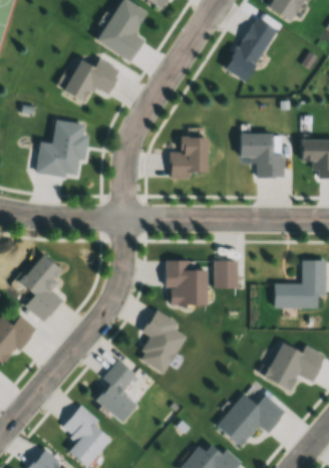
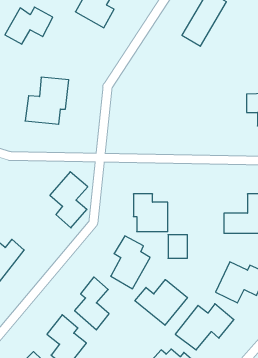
building: [63,57,120,101] -> [5,7,53,44]
building: [240,133,285,178] -> none
building: [170,136,208,178] -> none
building: [18,253,63,320] -> [50,172,88,228]
building: [215,259,238,287] -> [168,235,187,258]
building: none -> [135,280,187,325]

